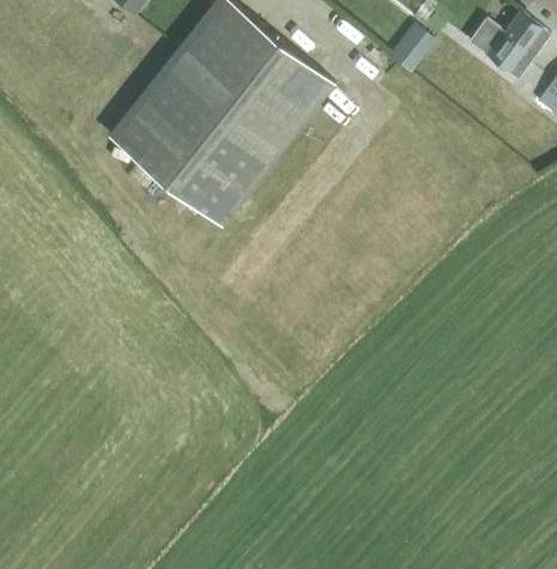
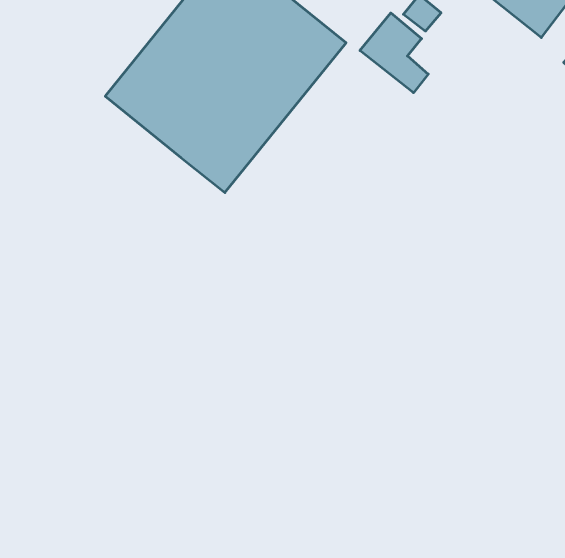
building: none -> [360,13,428,93]

